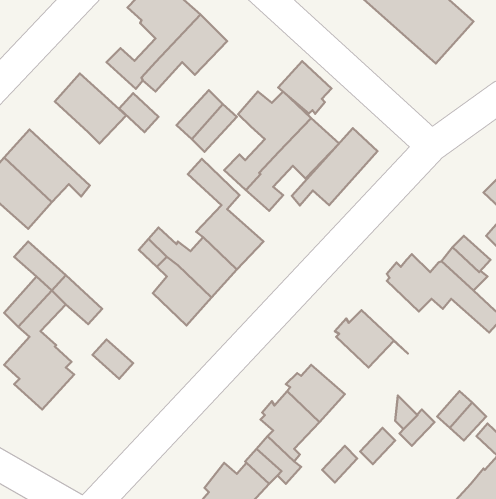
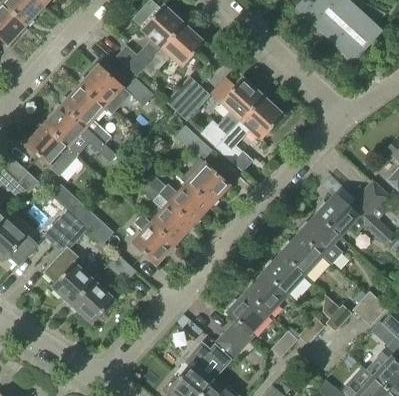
building: [278,61,331,114] -> none
building: none -> [62,85,112,145]
building: [292,128,377,206] -> none
building: none -> [298,213,343,265]
building: none -> [131,215,174,264]
building: none -> [263,253,304,294]
building: none -> [71,280,114,323]

